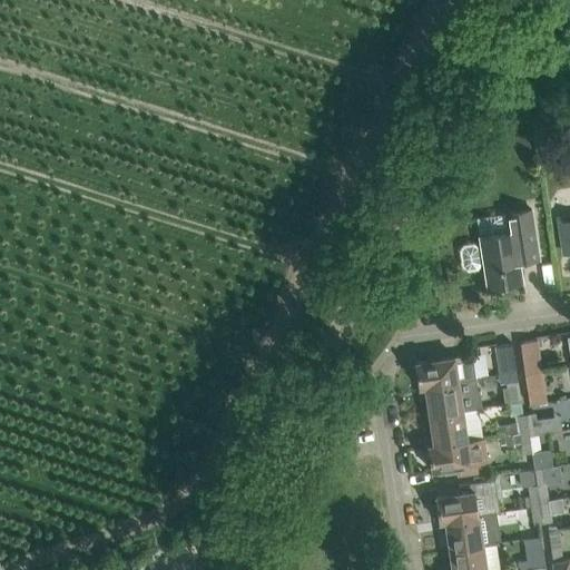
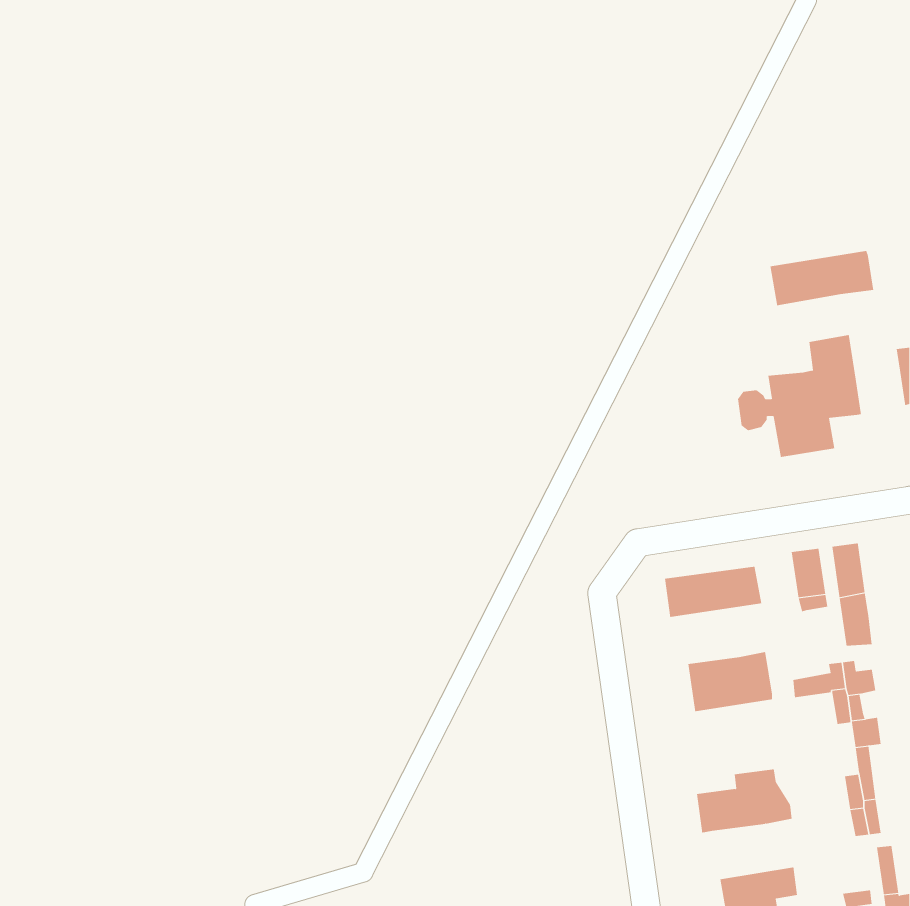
building: none -> [770,250,874,306]
building: [425,380,482,417] -> none
building: [428,440,488,476] -> none
building: [445,514,500,552] -> none

